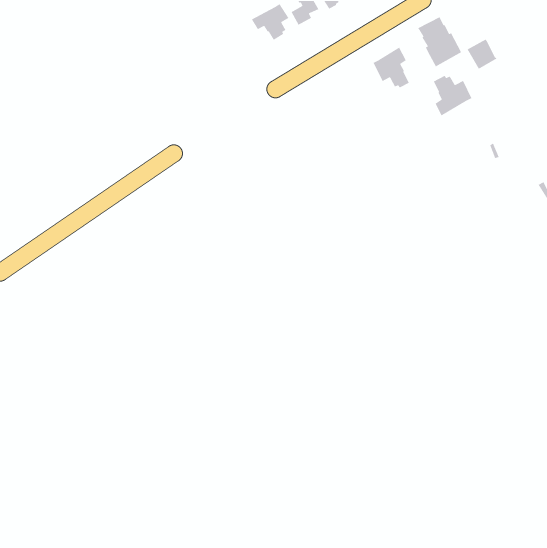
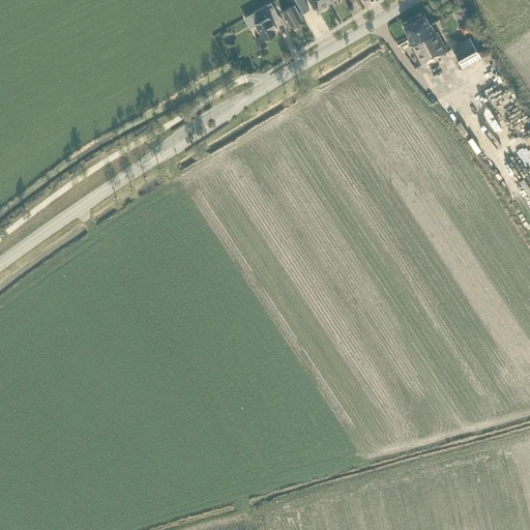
building: [372,47,410,89] -> none
building: [433,75,473,116] -> none

